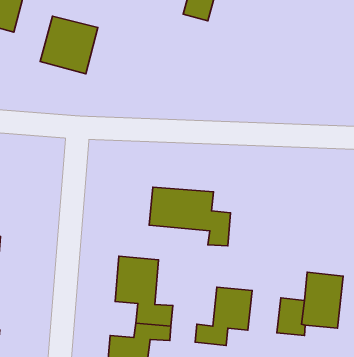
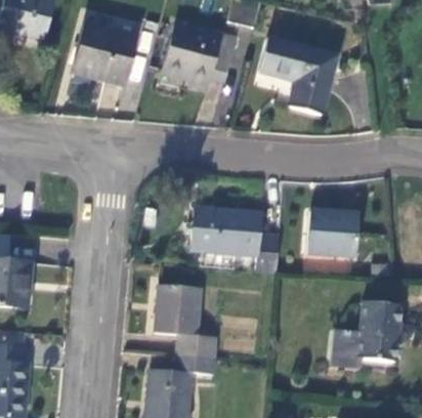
building: none -> [163,23,236,84]
building: none -> [258,38,337,115]
building: none -> [306,210,357,256]
building: [195,287,252,346] -> none

